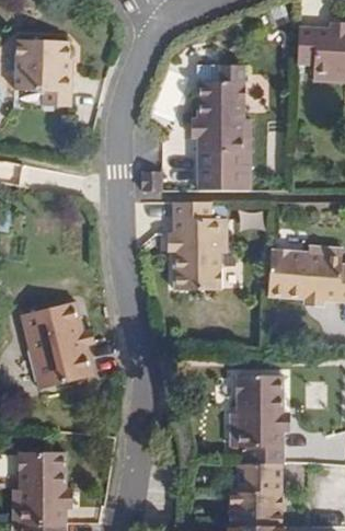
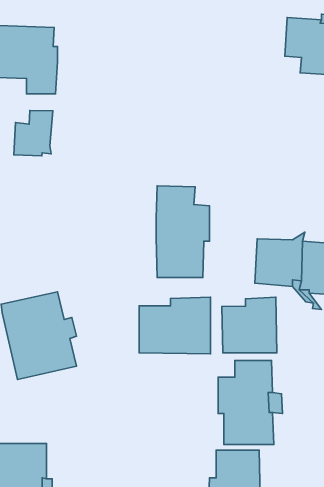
building: [202,65,256,189] -> none
building: none -> [14,110,53,156]
building: none -> [222,297,277,353]
building: none -> [139,297,210,354]

